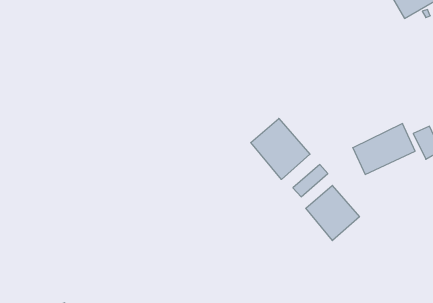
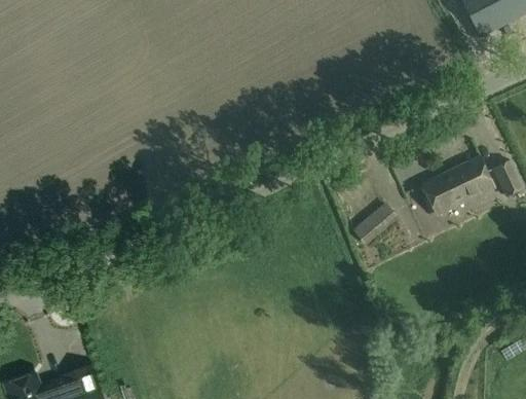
building: [251,118,310,179] -> none
building: [306,185,359,241] -> none

